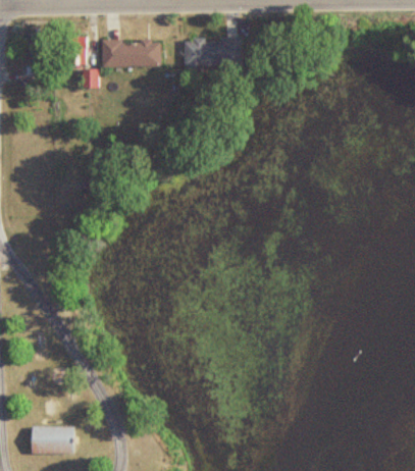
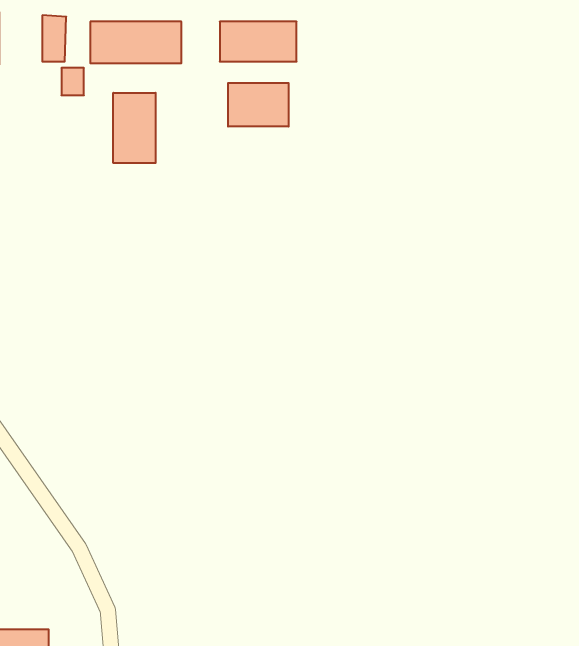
building: none -> [228,83,289,127]
building: none -> [113,93,156,163]

